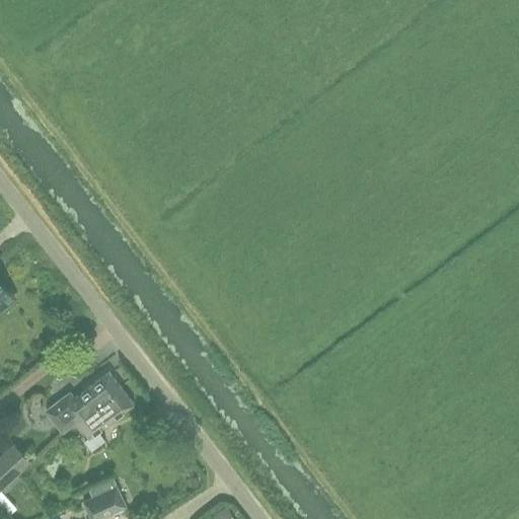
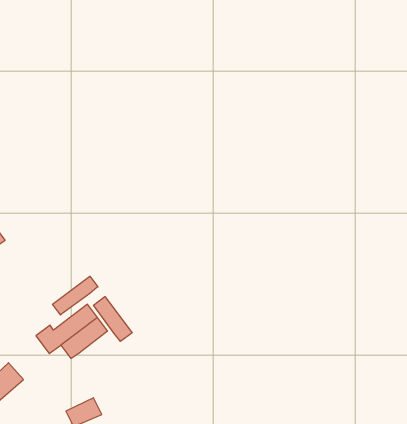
building: none -> [53,276,98,315]
building: none -> [93,297,132,341]

